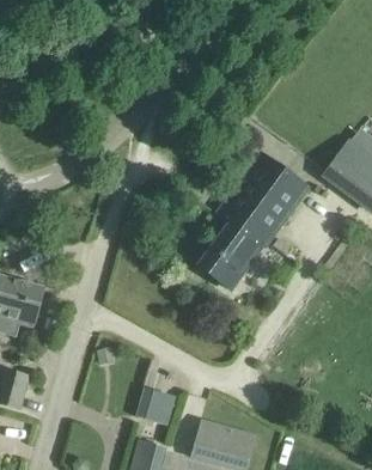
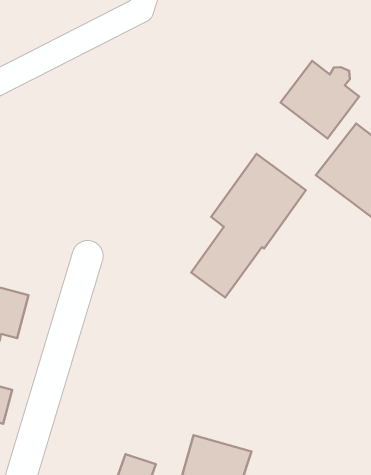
building: none -> [281,61,359,138]
building: [138,389,173,423] -> none

